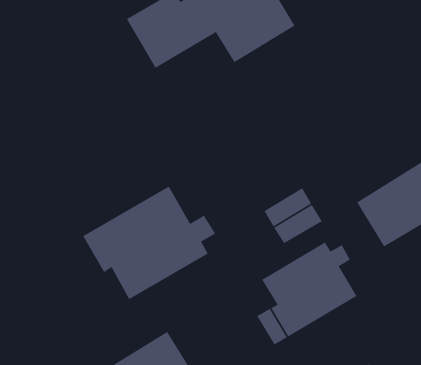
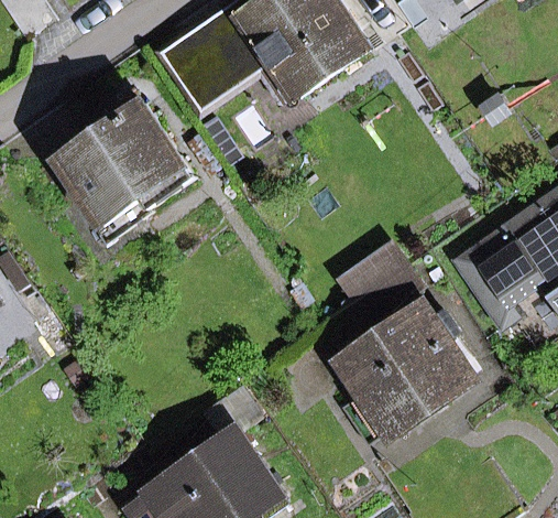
building: none -> [58,101,194,242]
building: [82,185,216,300] -> none

